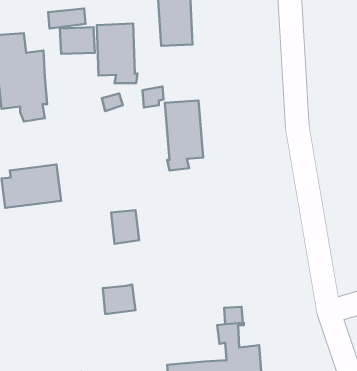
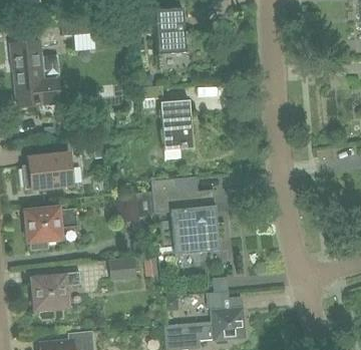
building: [97,23,137,83] -> none
building: none -> [149,179,220,253]
building: none -> [23,206,77,249]
building: none -> [30,271,79,307]

